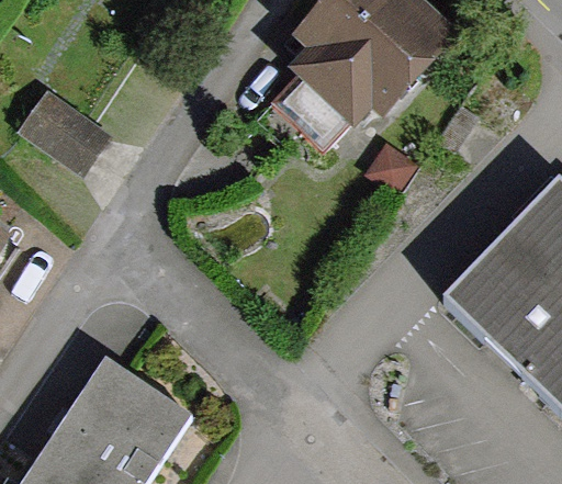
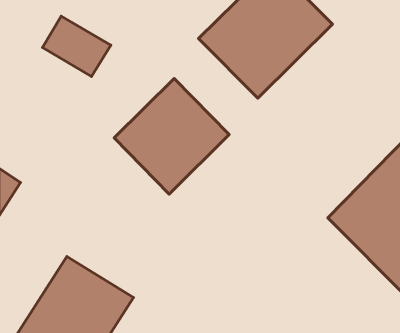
building: [23,88,116,170] -> [43,16,111,76]
building: none -> [114,79,229,194]

